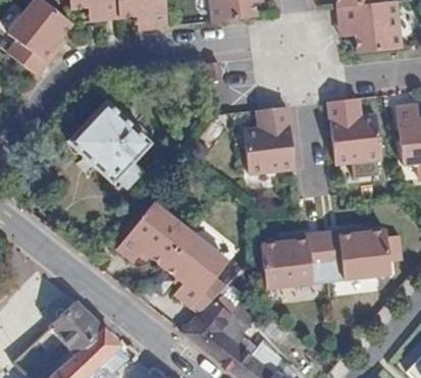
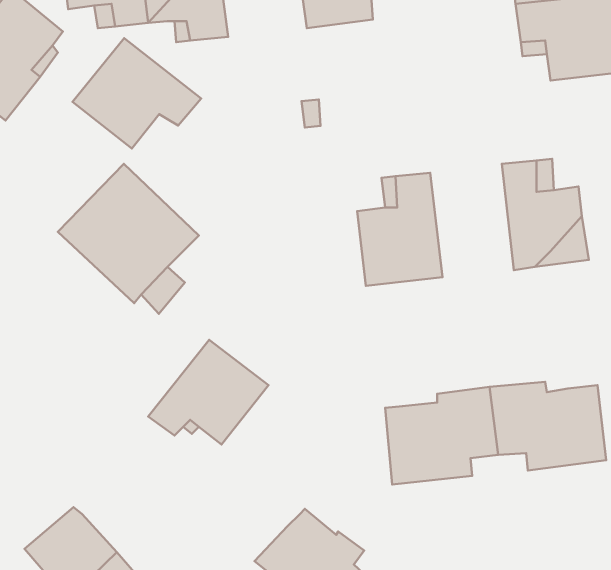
building: none -> [72,38,201,148]
building: [164,230,239,313] -> none

